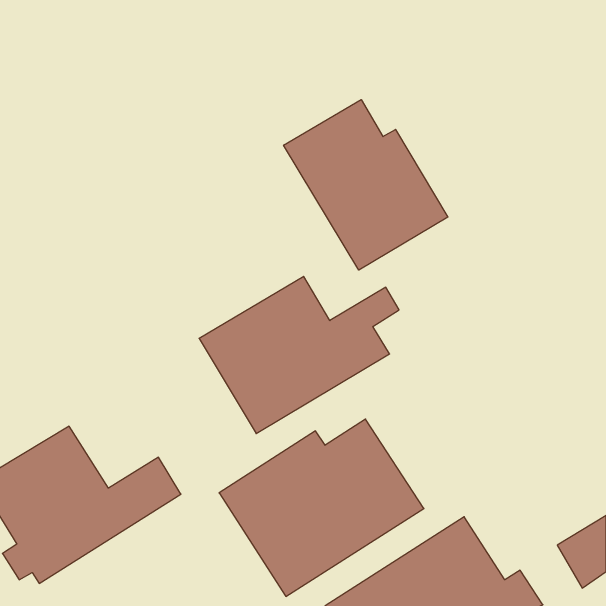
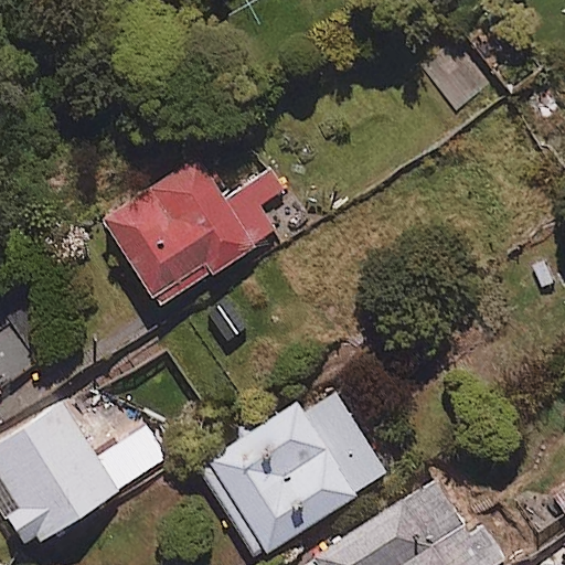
building: [284,100,448,270] -> none
building: [199,276,399,434] -> [100,161,286,307]

